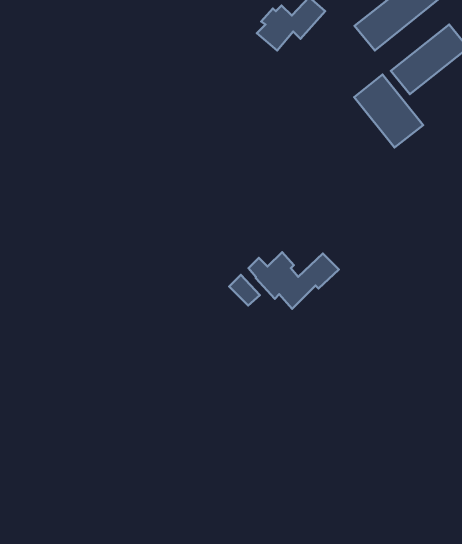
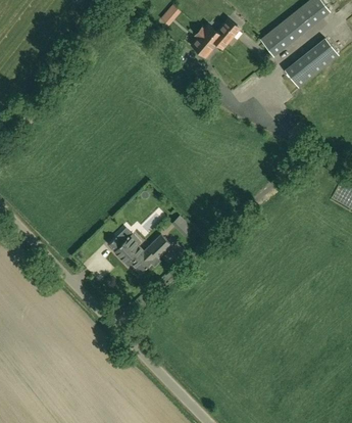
building: [354,75,423,148] -> none
building: [249,252,339,309] -> [108,234,171,274]

